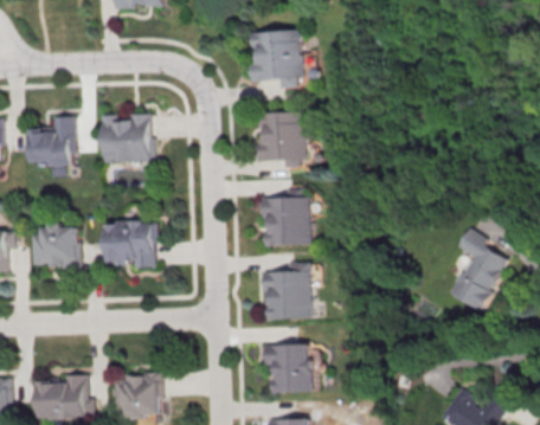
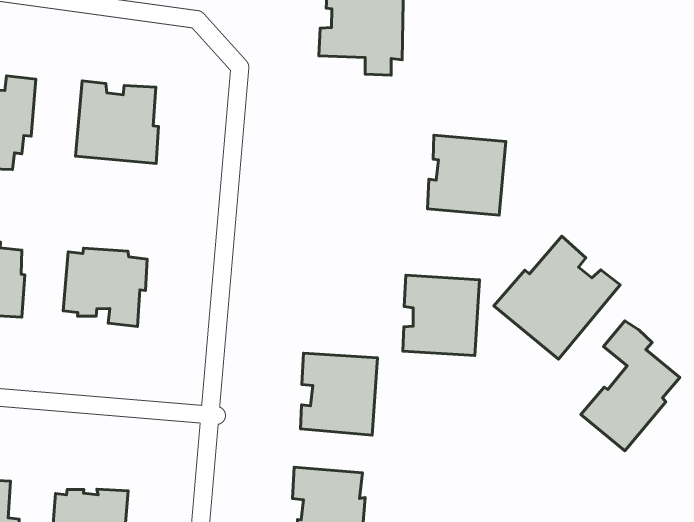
building: [259,112,307,161] -> [427,135,506,215]
building: none -> [494,236,620,359]
building: [262,197,311,247] -> [403,275,480,356]

